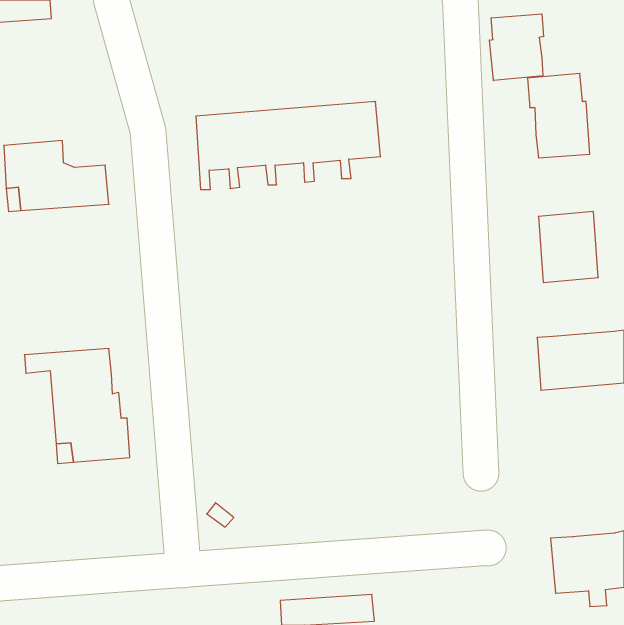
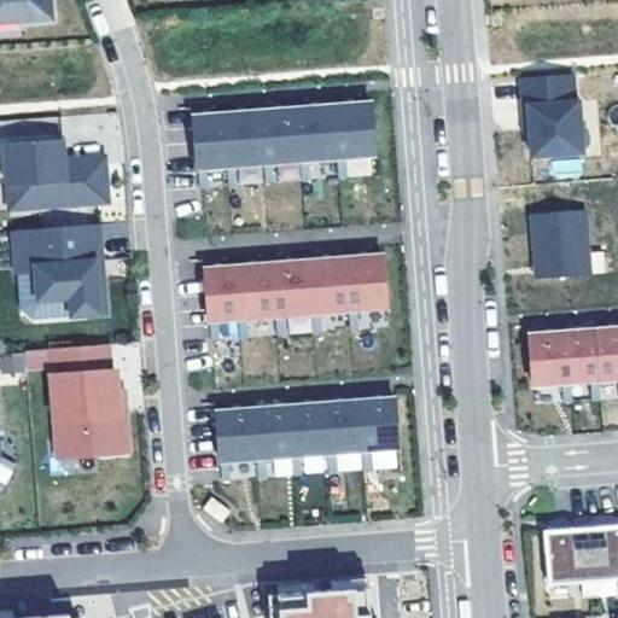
building: [489,14,544,81] -> none
building: none -> [12,223,105,315]
building: none -> [205,253,386,340]
building: none -> [216,396,397,479]

